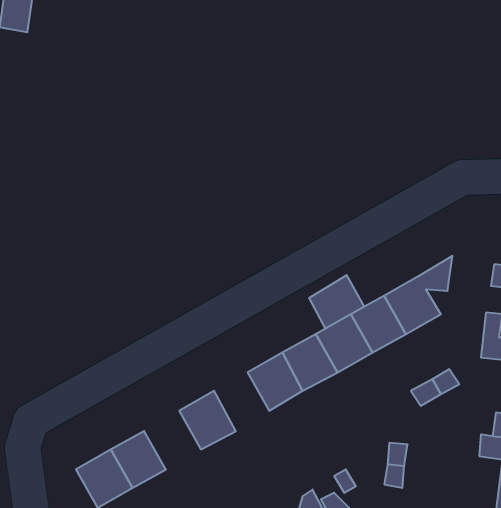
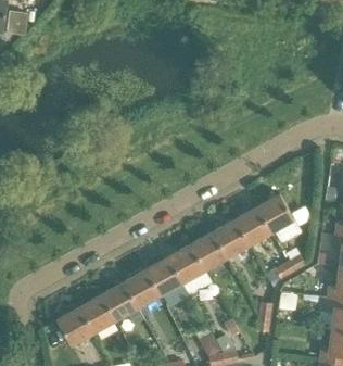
building: [309,275,364,329] -> none
building: none -> [145,258,189,310]
building: none -> [100,283,137,321]

